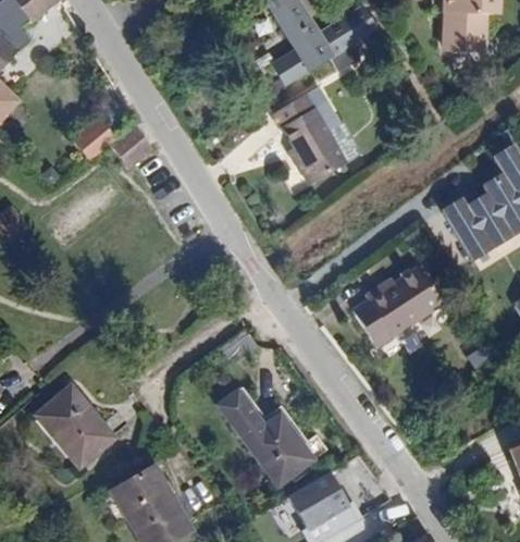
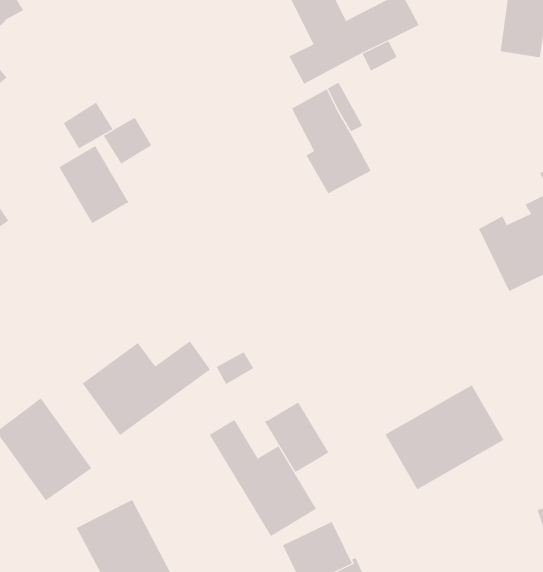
building: none -> [58,146,129,224]
building: [344,254,449,349] -> [384,384,505,490]
building: none -> [82,340,211,436]
building: none -> [264,401,329,473]

